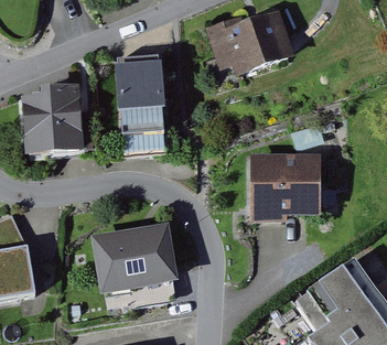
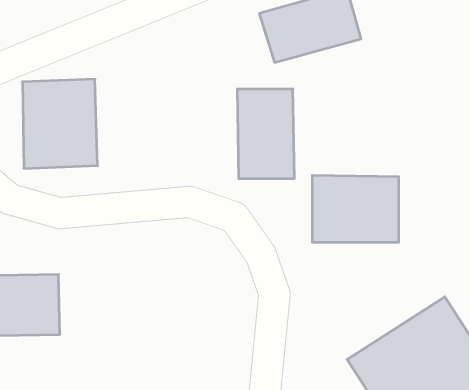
building: [119,62,164,132] -> [237,89,294,178]
building: [95,230,173,292] -> none

